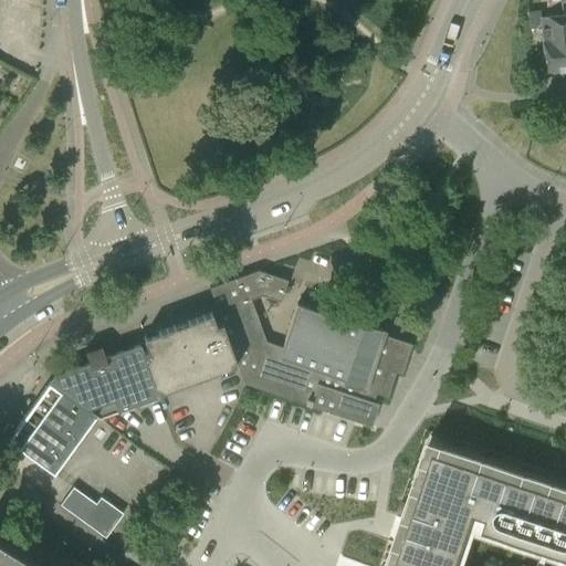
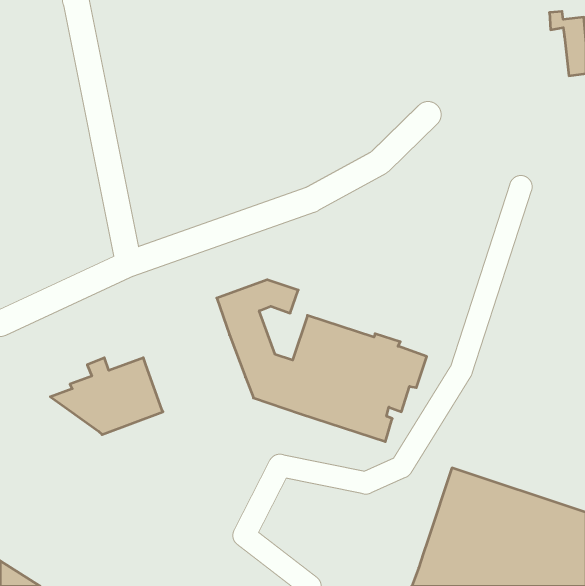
building: [142,313,238,395] -> none
building: [8,382,96,473] -> none
building: [60,486,124,537] -> none

